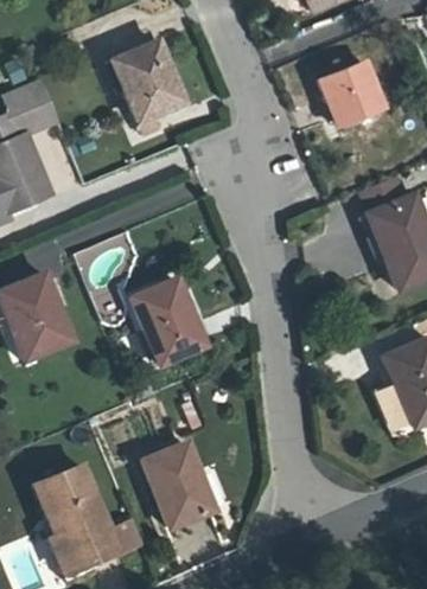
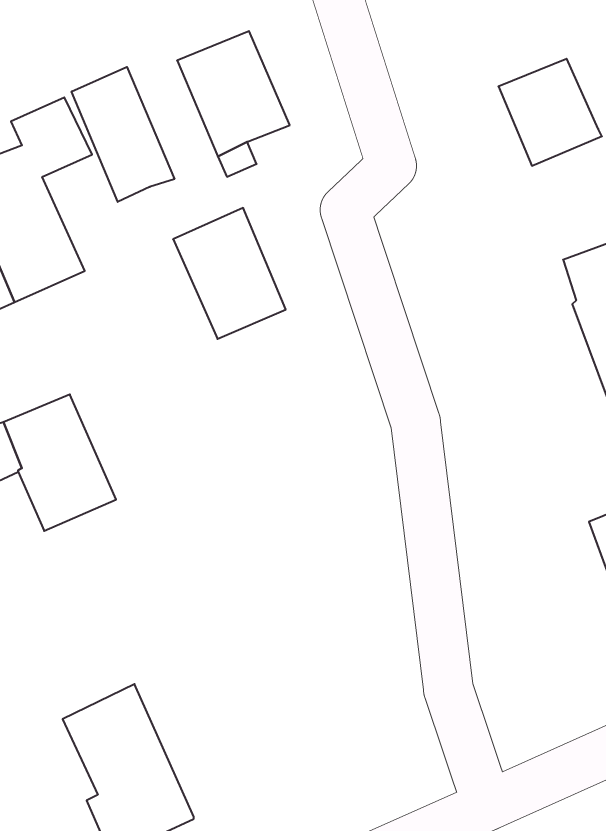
building: none -> [72,67,174,202]
building: [135,274,208,358] -> [173,208,286,339]
building: [146,441,219,525] -> none

